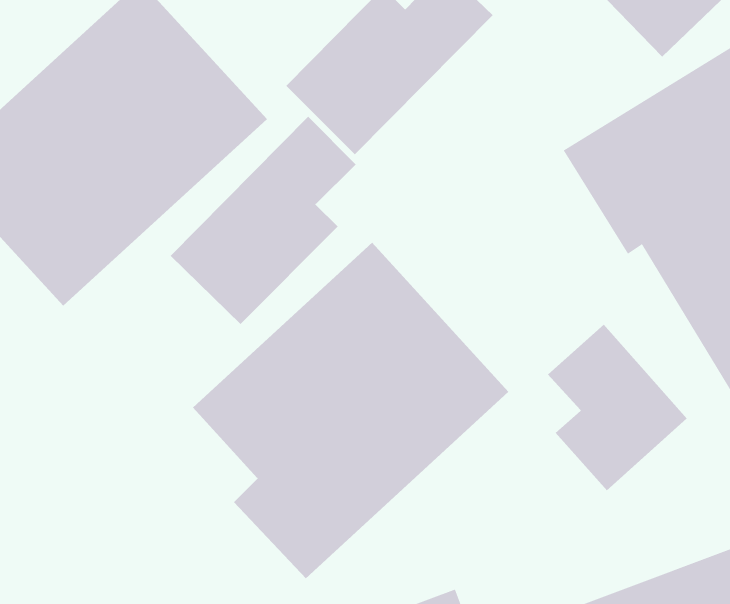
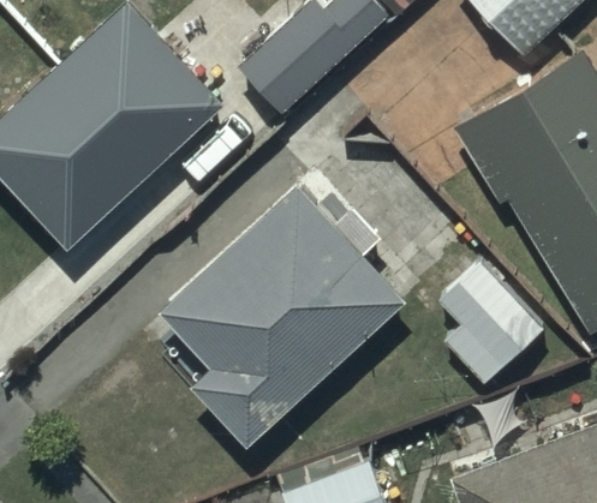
building: [170,116,356,325] -> none

